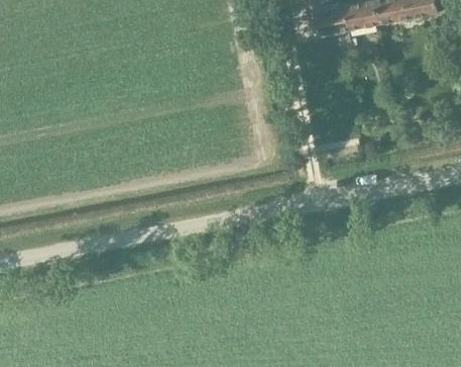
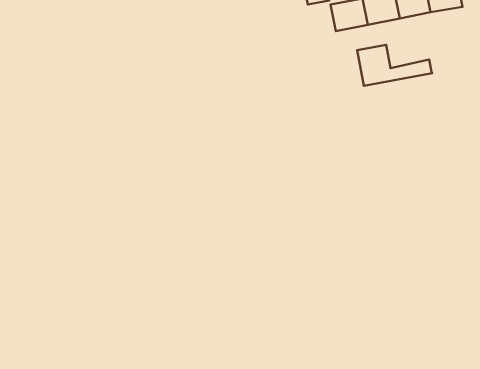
building: none -> [357,45,432,86]

